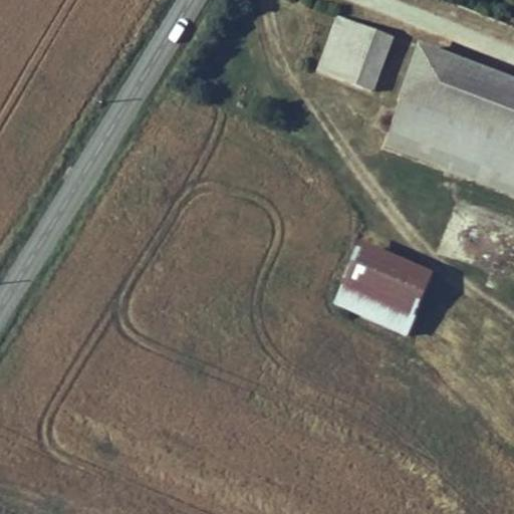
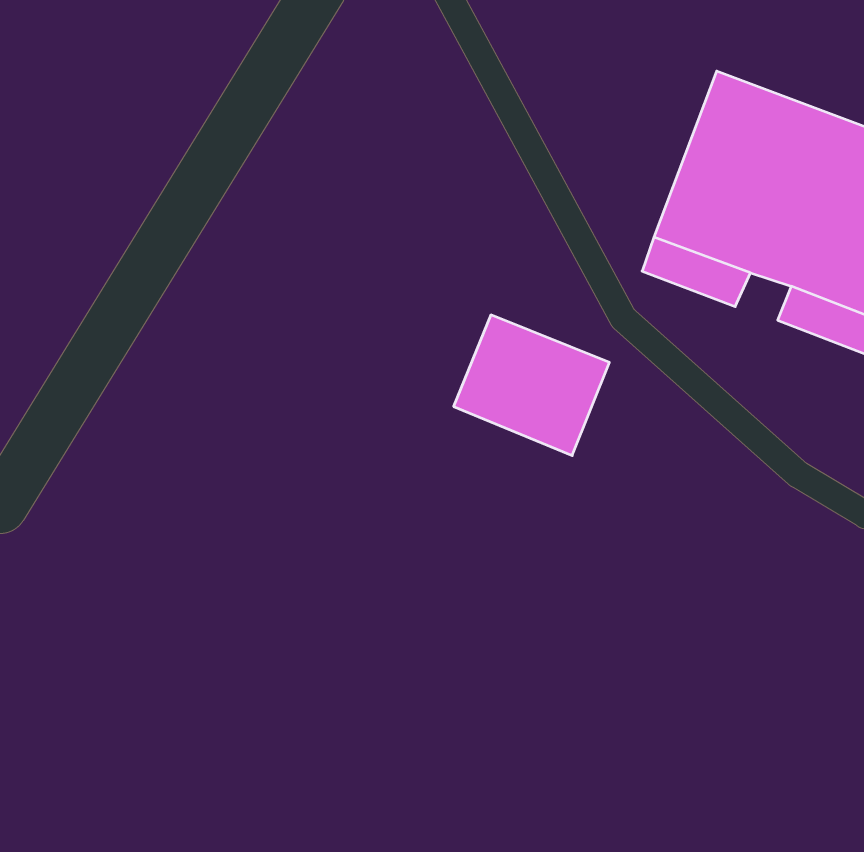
building: [321,11,394,84] -> none
building: [340,245,433,328] -> [454,315,609,456]

